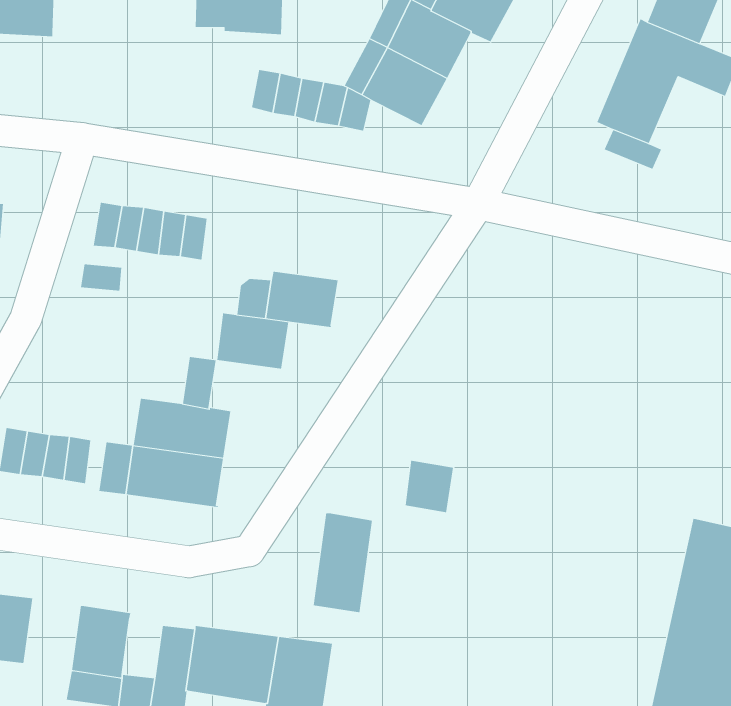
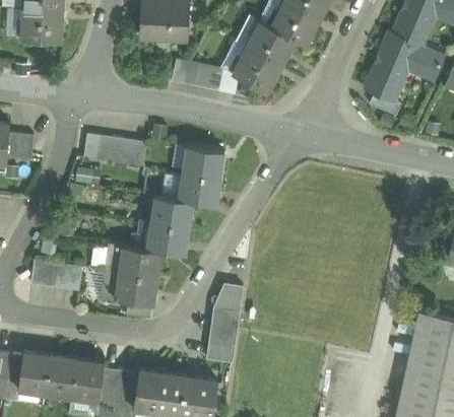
building: none -> [184,146,224,179]
building: none -> [148,223,189,256]
building: [405,460,454,513] -> [215,283,243,312]
building: none -> [45,356,76,397]
building: none -> [100,368,122,401]

